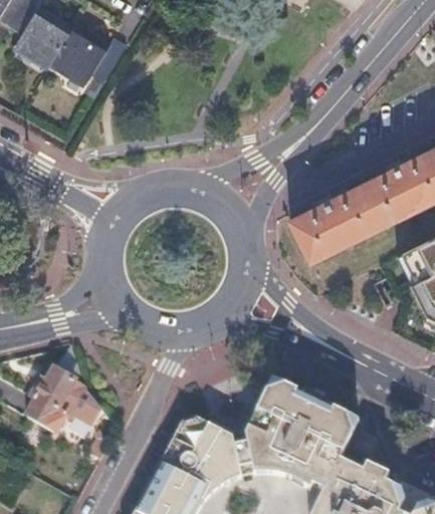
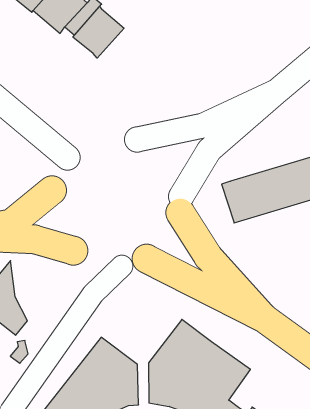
building: none -> [73,7,124,58]

